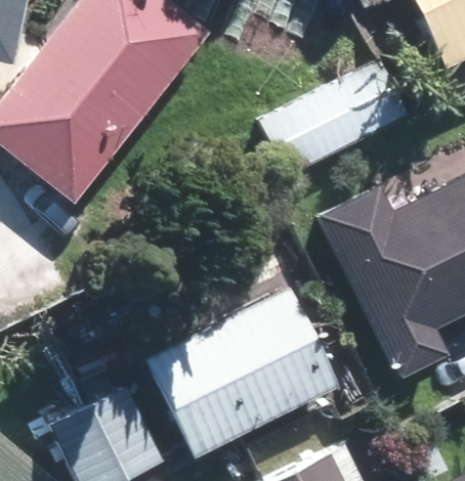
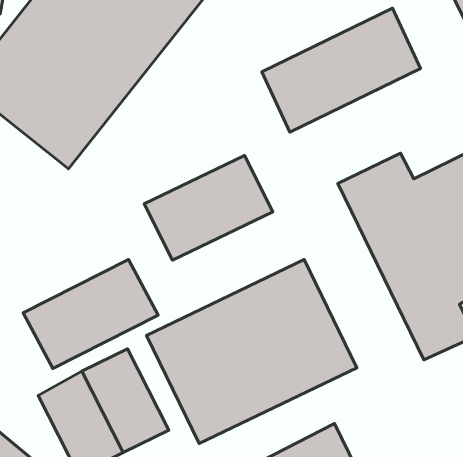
building: none -> [144,156,273,260]
building: none -> [23,259,158,369]

